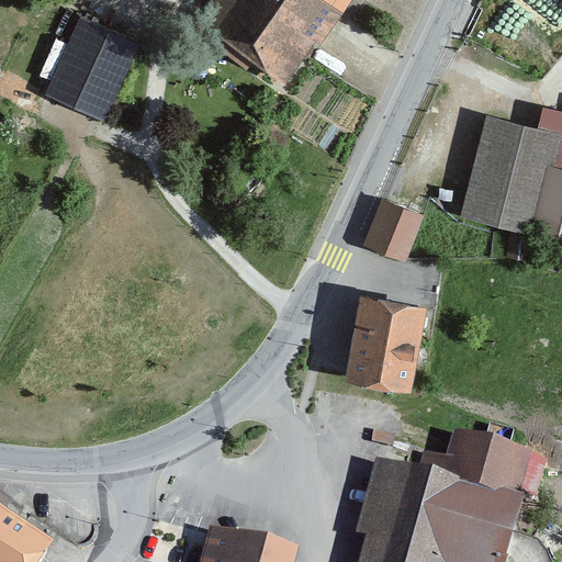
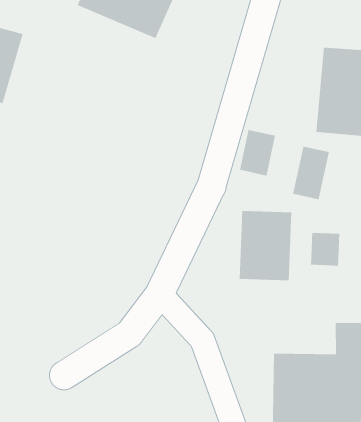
building: none -> [292,146,330,200]
building: none -> [310,232,340,266]

